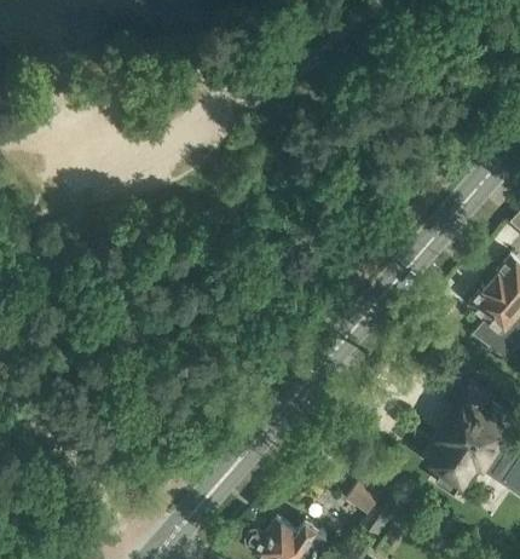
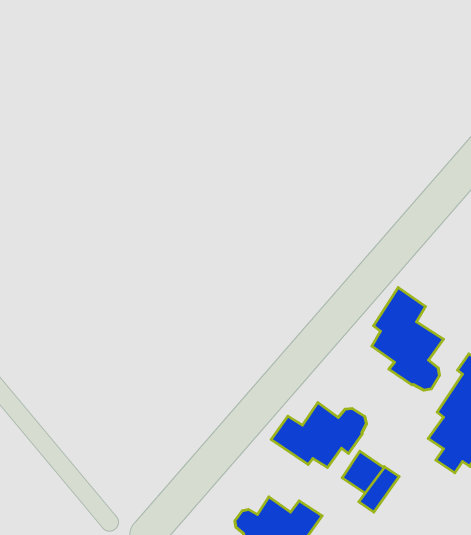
building: none -> [372,288,443,390]
building: none -> [271,402,367,468]

